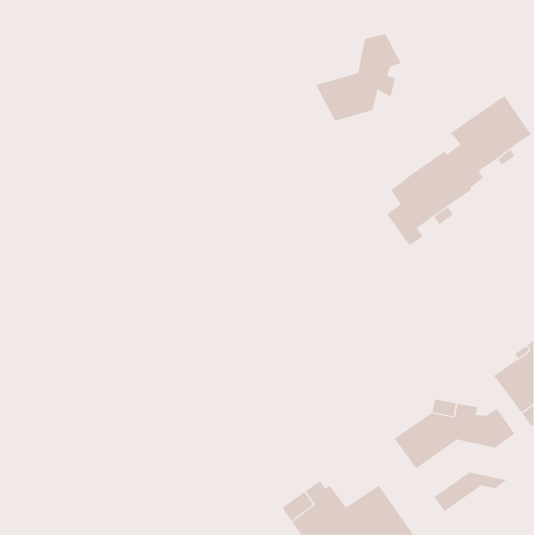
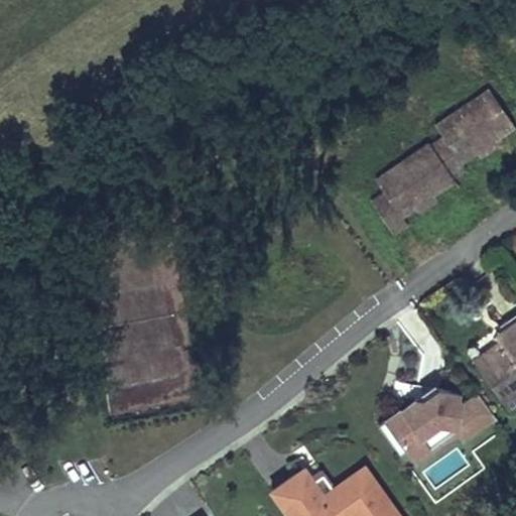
building: [316,33,402,122] -> none
building: [434,472,507,512] -> [406,423,477,462]

